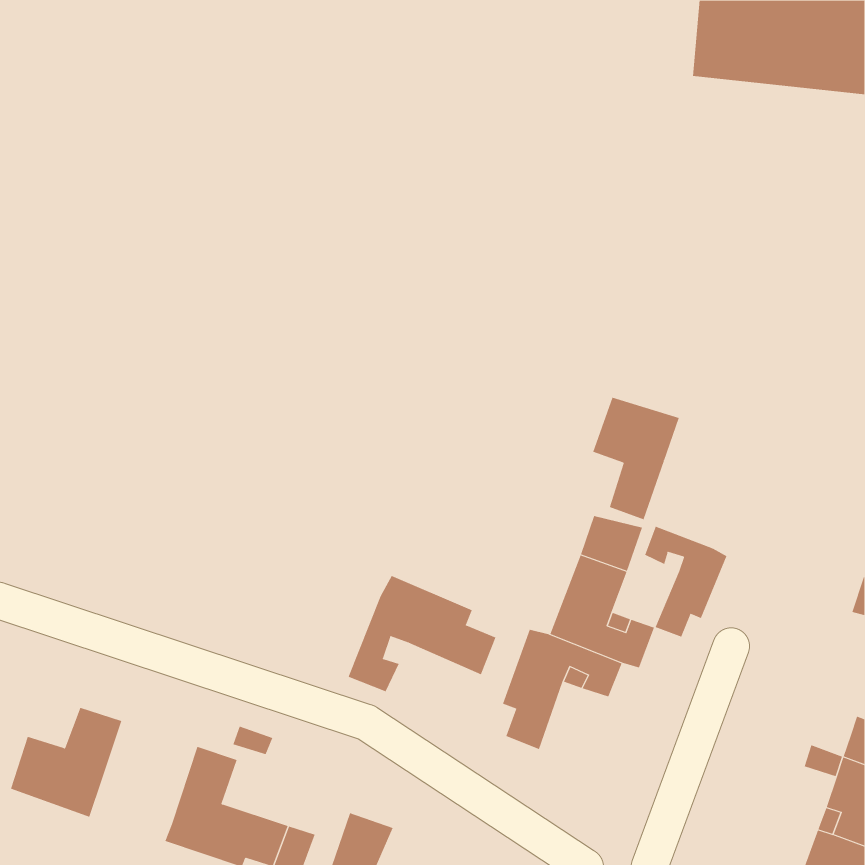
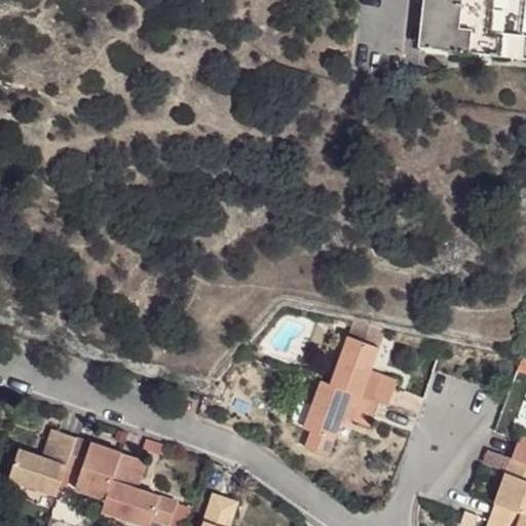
building: [593,397,679,520] -> none
building: [644,526,727,638] -> none
building: [348,575,496,692] -> none
building: none -> [63,438,119,500]

